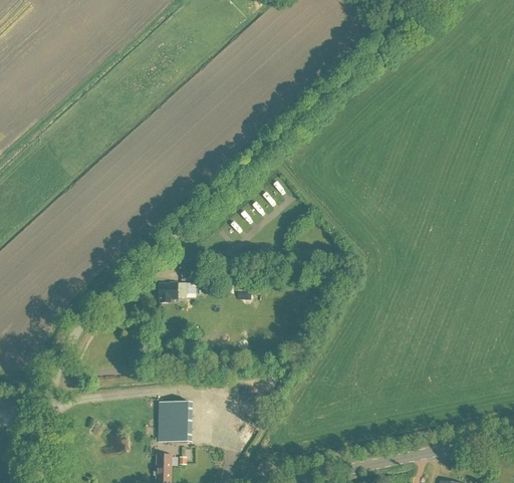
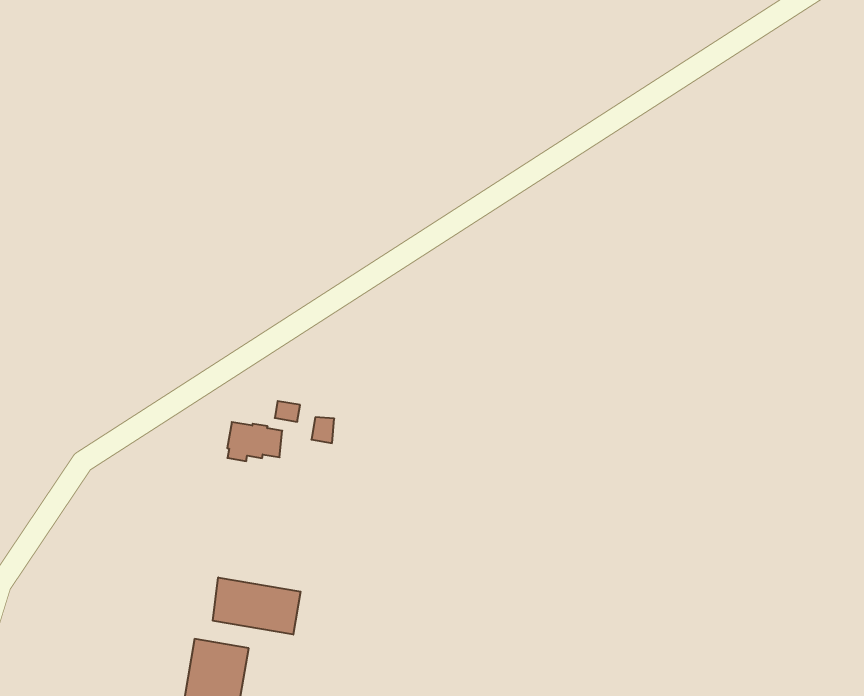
building: none -> [213,577,301,635]

